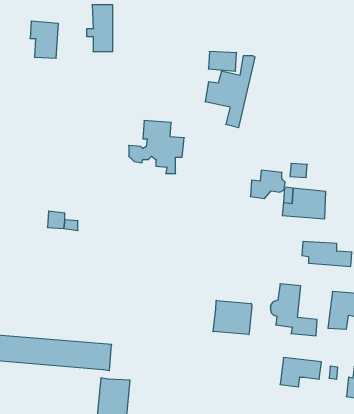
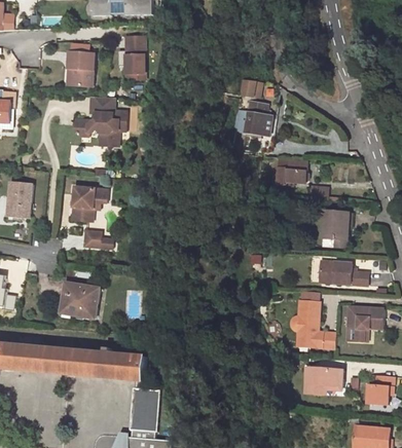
building: [129,120,184,174] -> [75,94,127,144]
building: none -> [72,185,108,219]
building: [250,170,285,199] -> [275,157,307,184]
building: none -> [64,282,101,315]
building: [213,300,252,335] -> none

